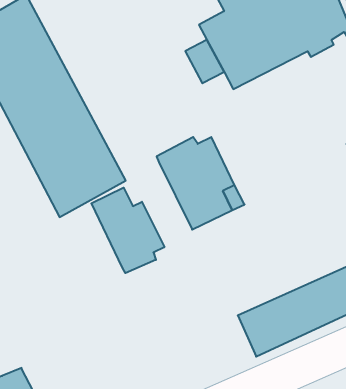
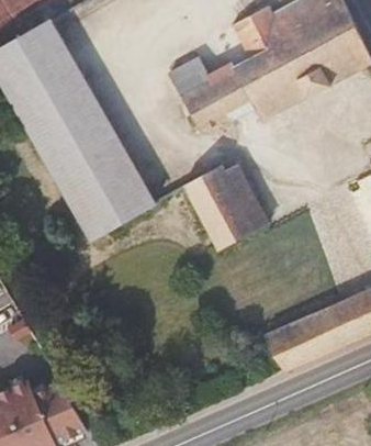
building: none -> [172,59,227,126]
building: [91,188,164,273] -> none

